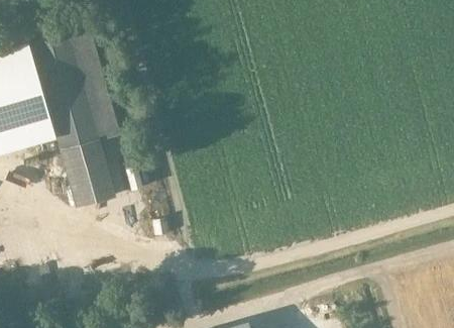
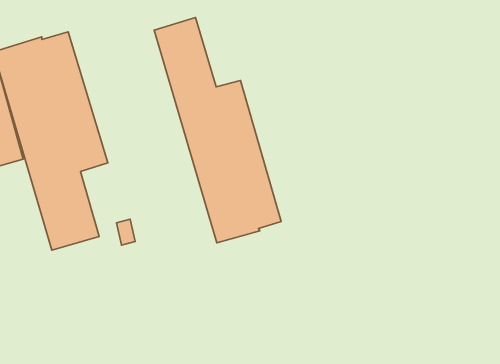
building: none -> [154,18,281,243]

